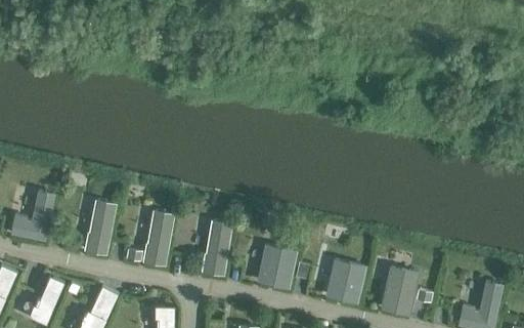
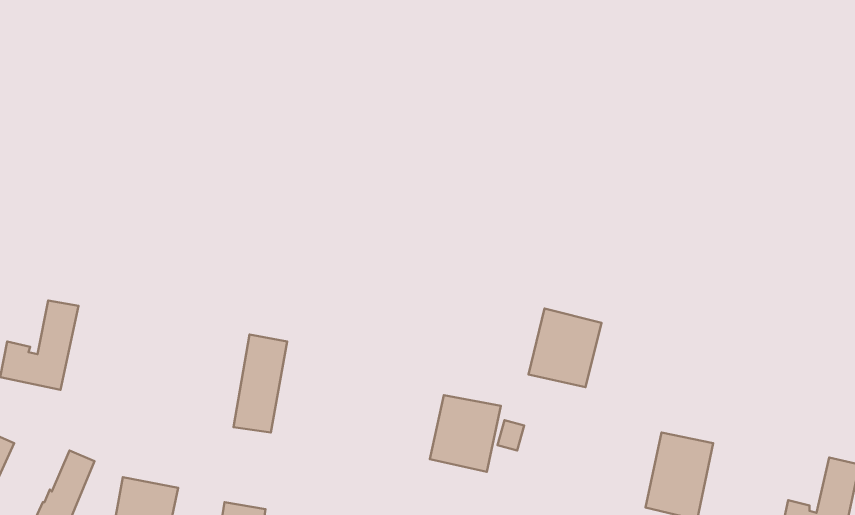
building: [85,200,116,256] -> none
building: [202,220,231,277] -> none
building: [324,258,366,303] -> [528,309,602,387]

